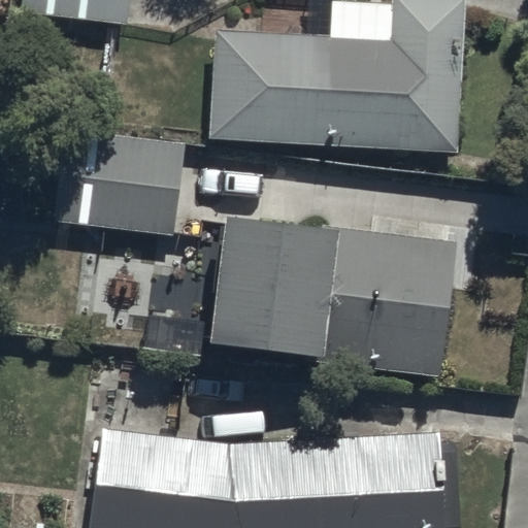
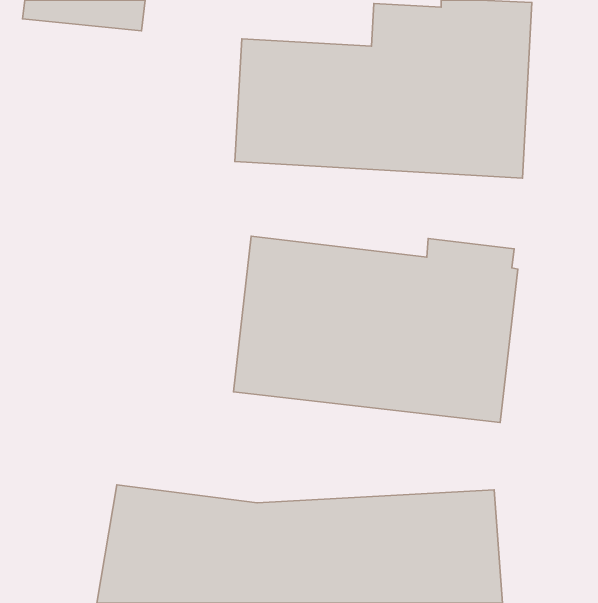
building: [57,131,186,239] -> none

